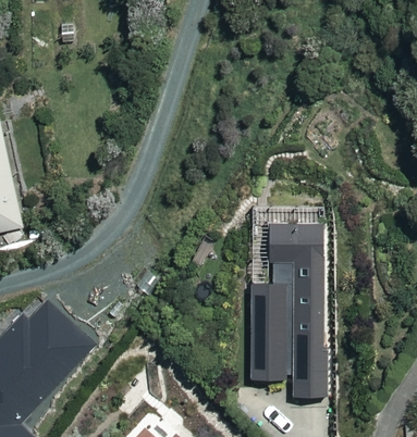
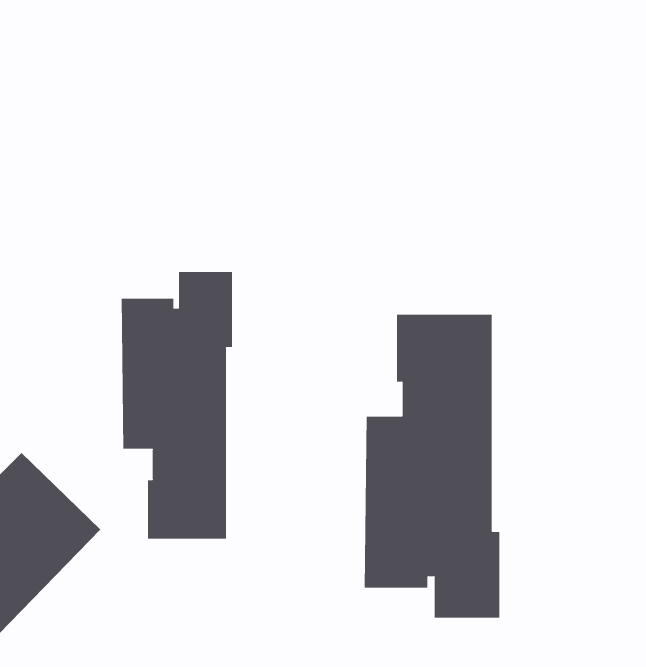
building: none -> [121,271,233,539]

